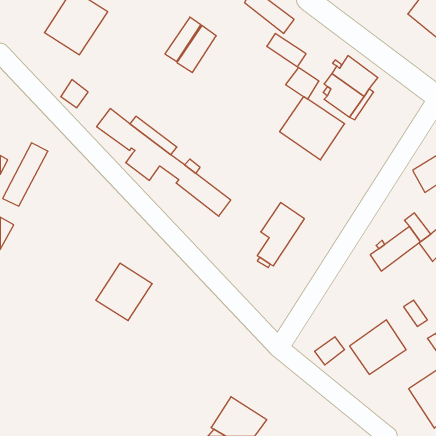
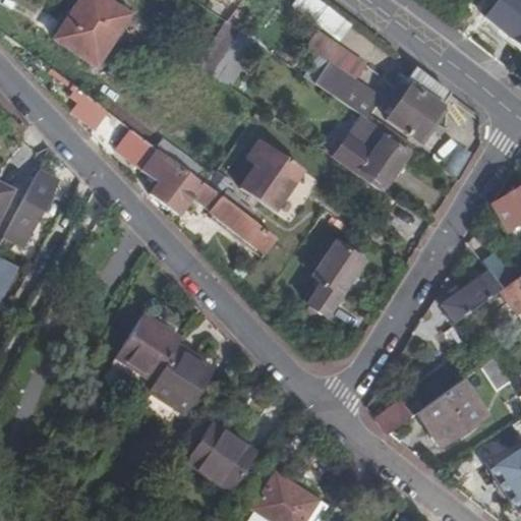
building: none -> [304,55,356,101]
building: none -> [240,140,302,211]
building: none -> [149,344,215,414]
building: none -> [186,423,256,490]

